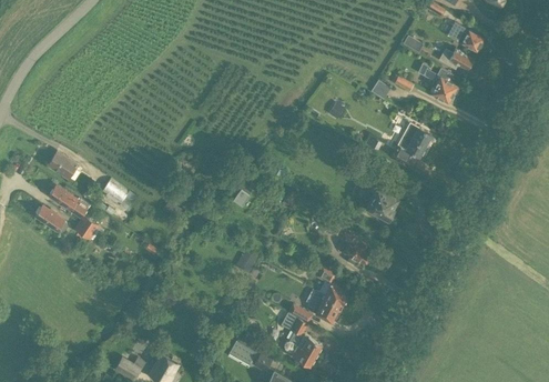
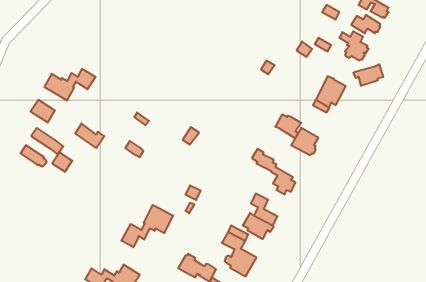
building: none -> [353,64,383,86]
building: none -> [44,69,95,101]
building: none -> [275,114,301,138]
building: none -> [121,205,173,247]

